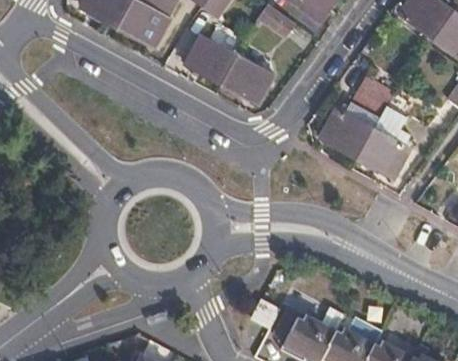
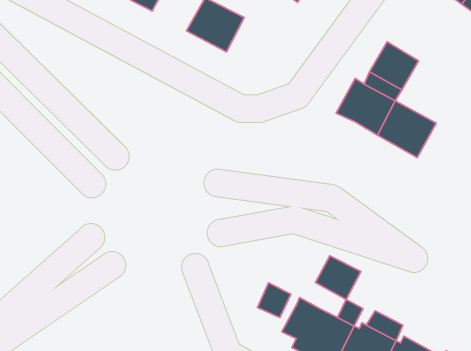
building: [222,53,274,104] -> none
building: none -> [316,256,361,300]

